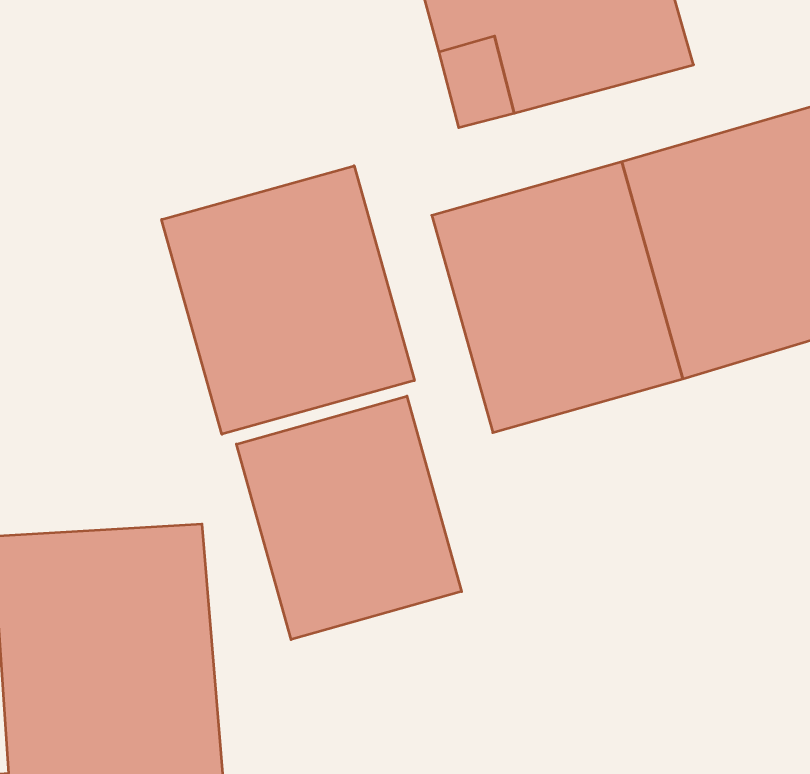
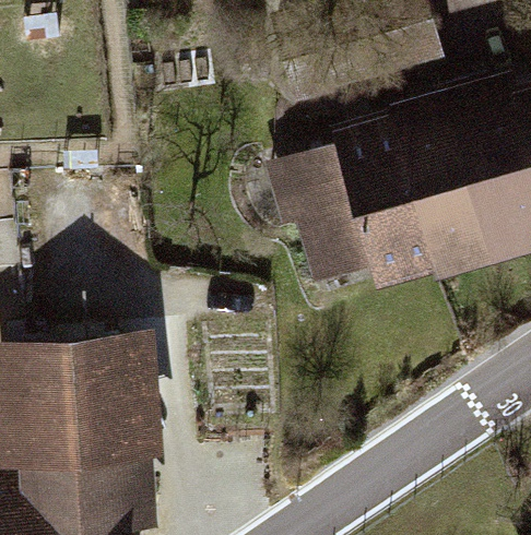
building: [162,166,414,434] -> none
building: [236,396,462,640] -> none

